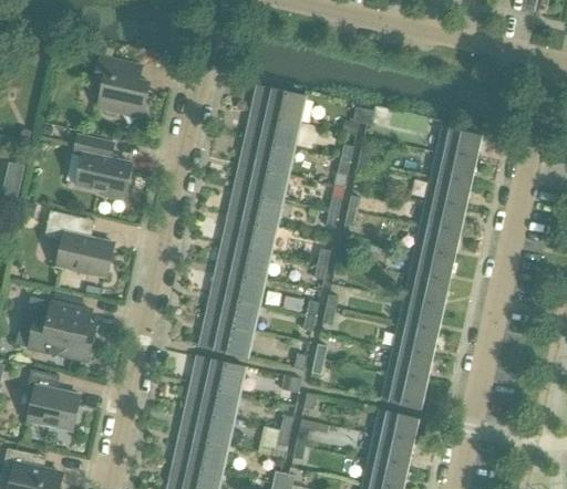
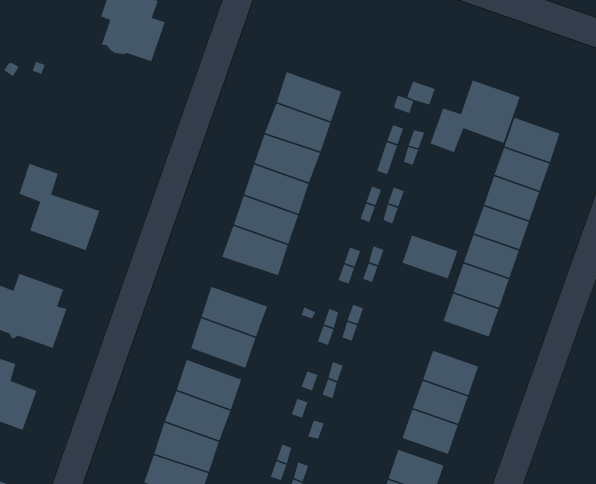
building: [251,86,305,123] -> none
building: none -> [429,79,521,153]
building: [74,136,131,199] -> none
building: [210,270,265,305] -> none
building: [398,301,443,334] -> [401,235,458,280]

